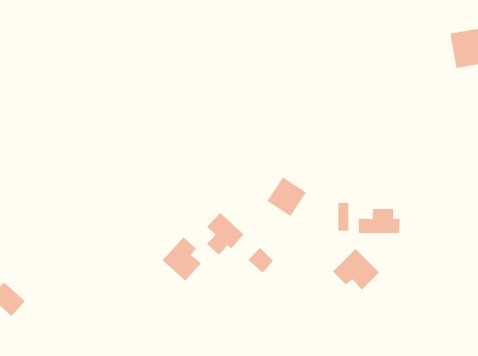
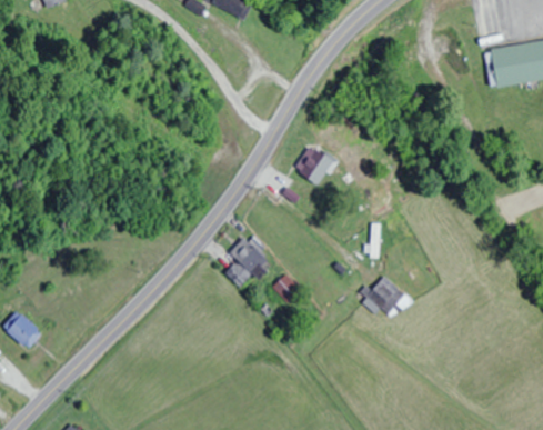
building: [267,177,307,217] -> [293,146,335,188]
building: [358,208,400,234] -> none
building: [162,237,202,281] -> none

